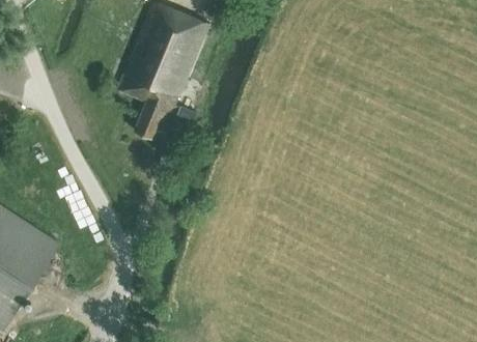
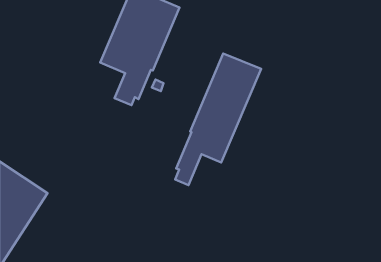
building: none -> [175,53,261,185]

